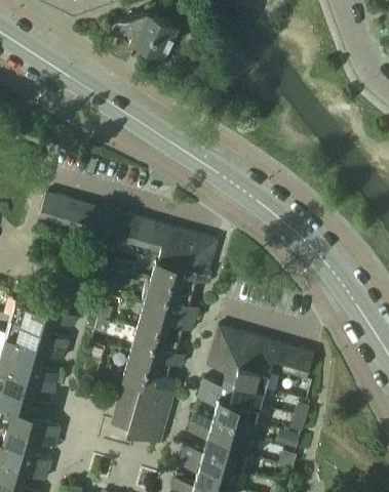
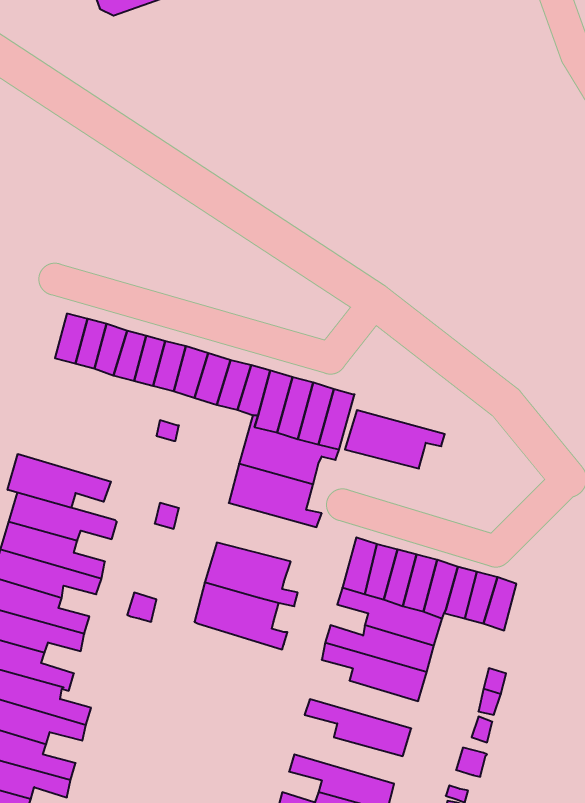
building: [110,11,179,63] -> none
building: none -> [8,454,111,508]
building: [135,305,195,340] -> [345,410,445,469]
building: [112,377,174,443] -> none
building: [191,411,256,440] -> none
building: [182,445,246,473] -> none

